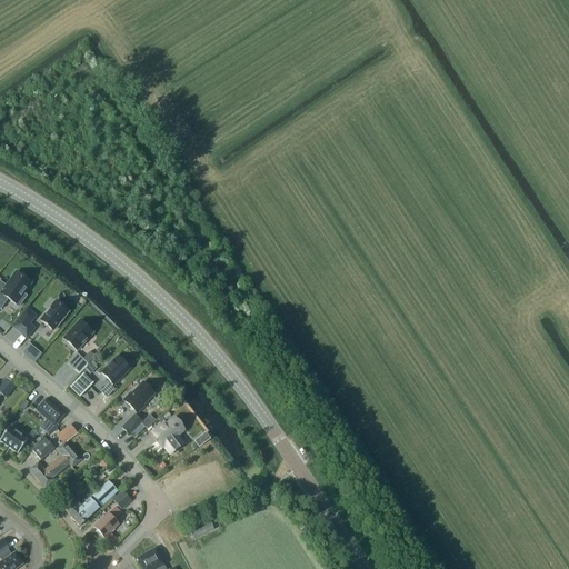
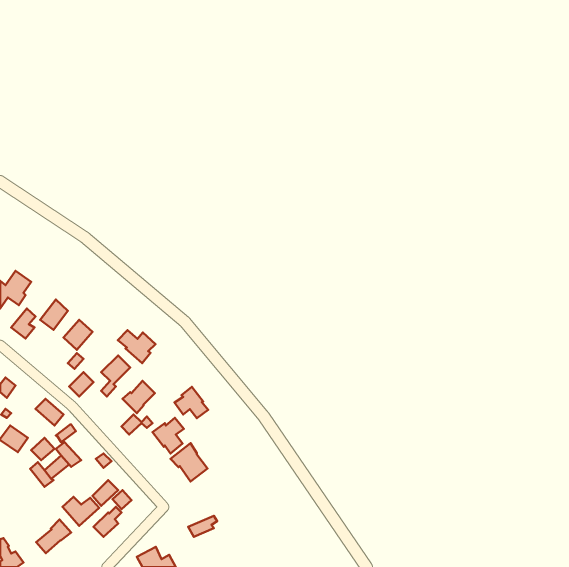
building: none -> [118,330,156,363]
building: none -> [175,387,208,418]
building: none -> [171,443,208,482]
building: none -> [36,520,71,553]

